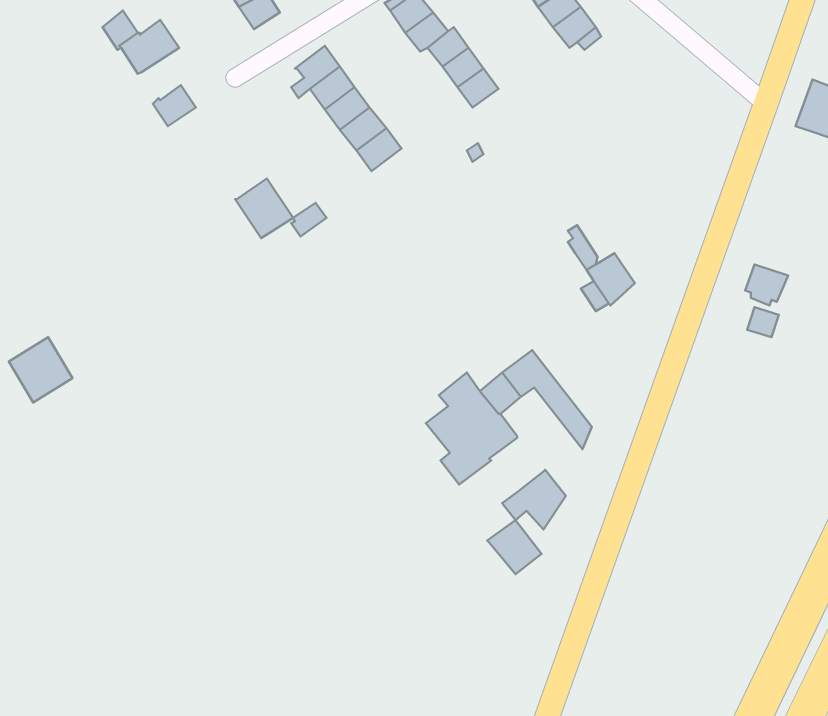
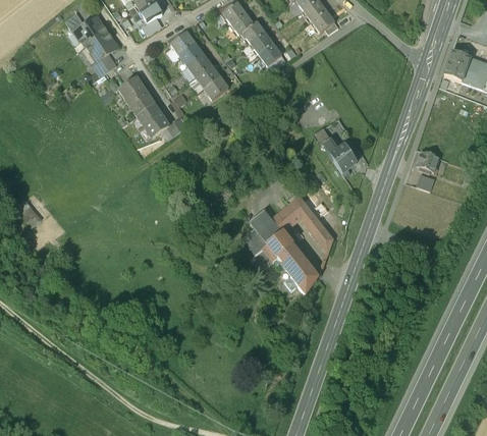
building: none -> [87,32,117,60]
building: none -> [118,75,155,114]
building: [487,520,542,574] -> [276,244,306,274]

